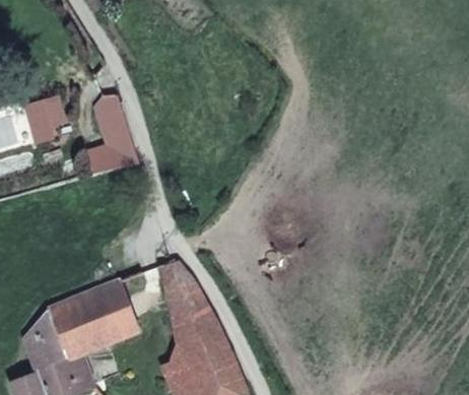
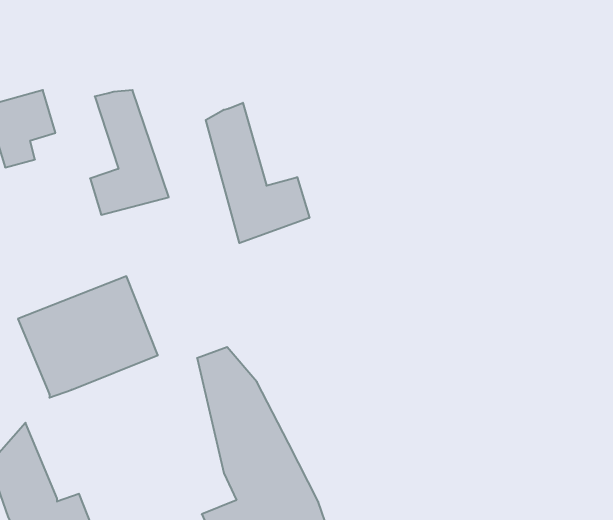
building: none -> [206,103,309,243]
building: [48,280,138,358] -> [18,276,158,398]

